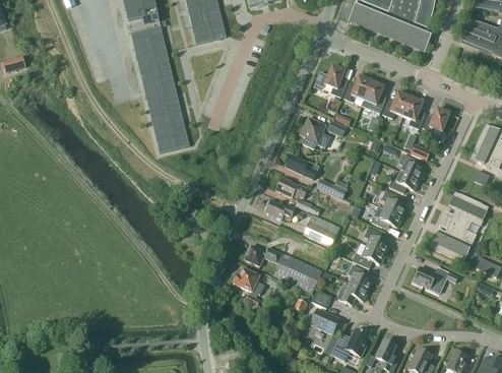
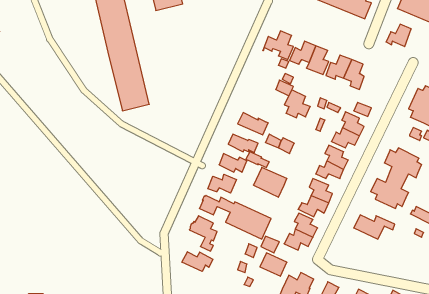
building: [422,108,449,132] -> [386,24,411,47]
building: [301,118,329,148] -> [284,90,310,118]
building: none -> [208,174,237,193]
building: none -> [182,252,213,271]

